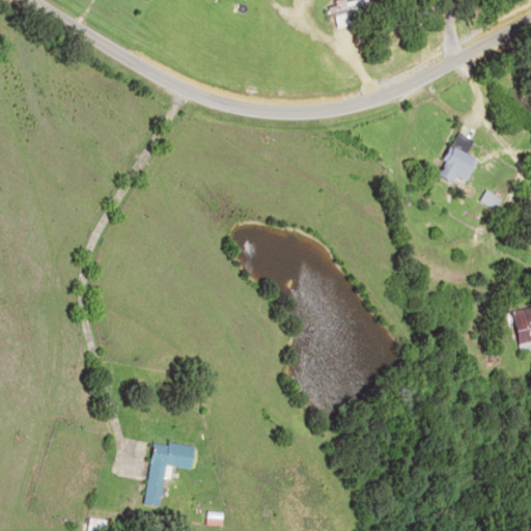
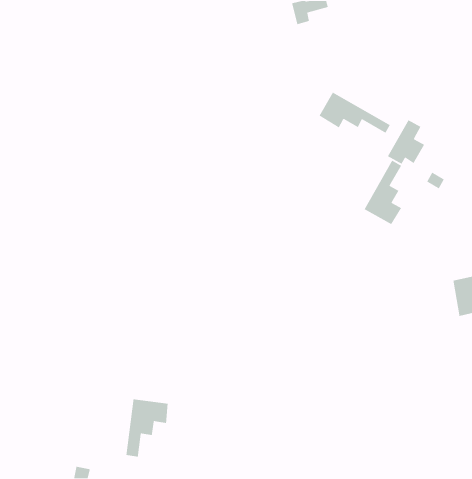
building: none -> [319,91,391,134]
building: none -> [363,160,402,225]

